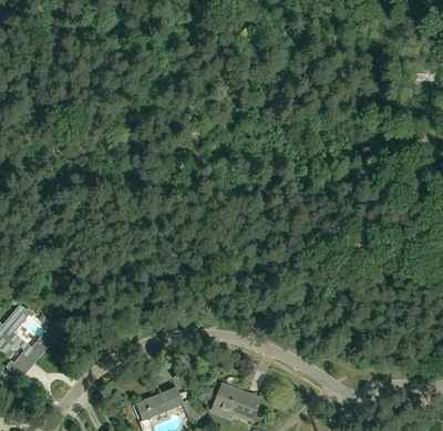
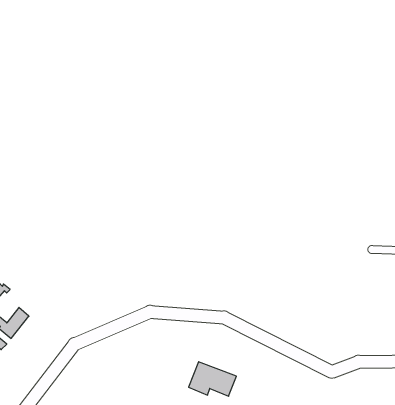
building: [137,387,195,421] -> none

